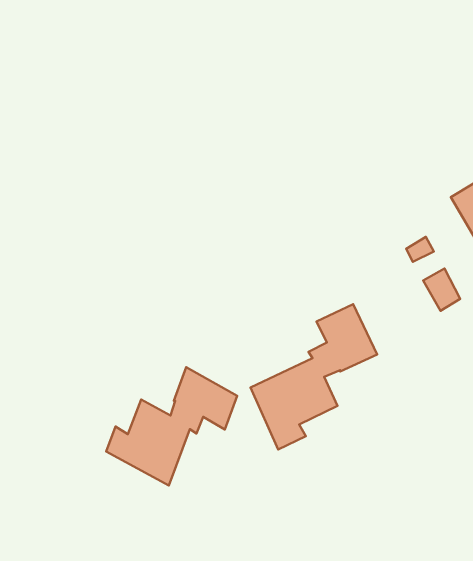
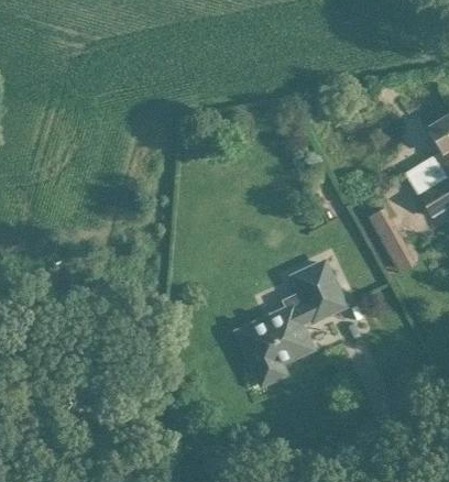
building: [106,367,237,485] -> none

